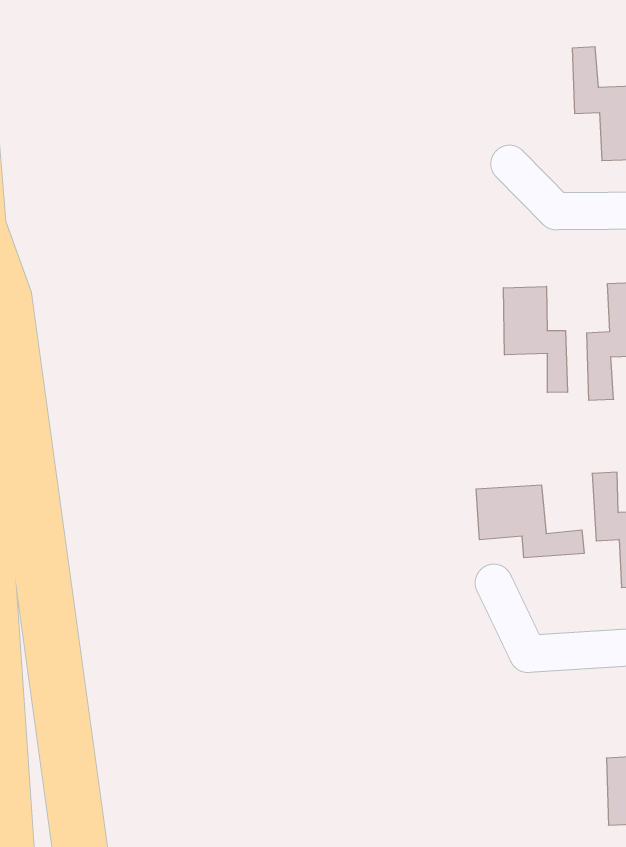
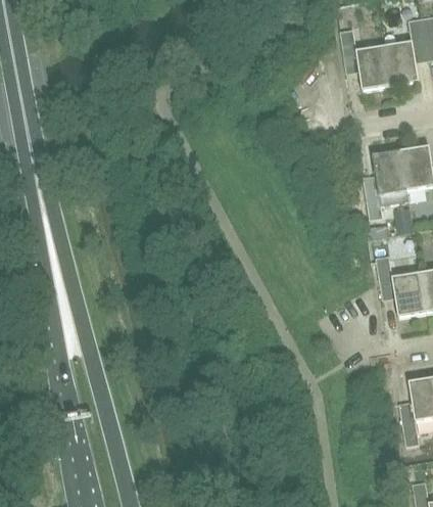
building: [503,286,568,393] -> none
building: [476,485,584,558] -> none

